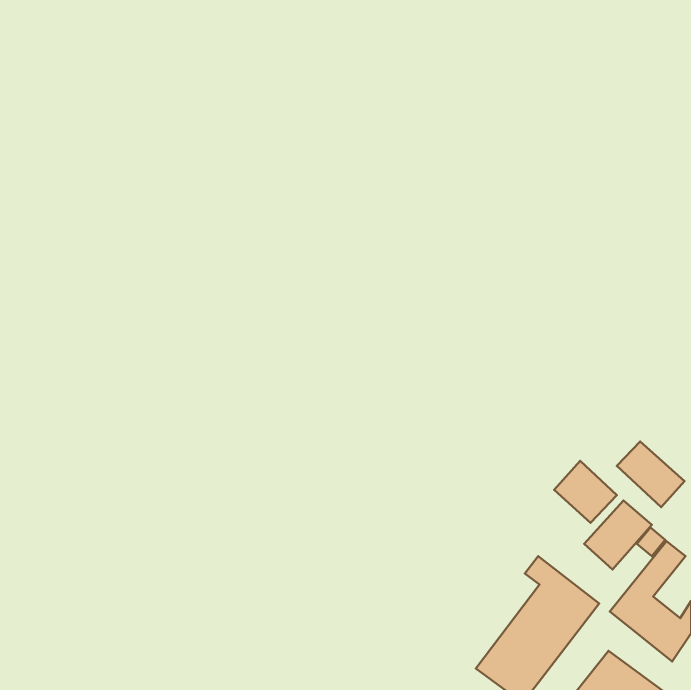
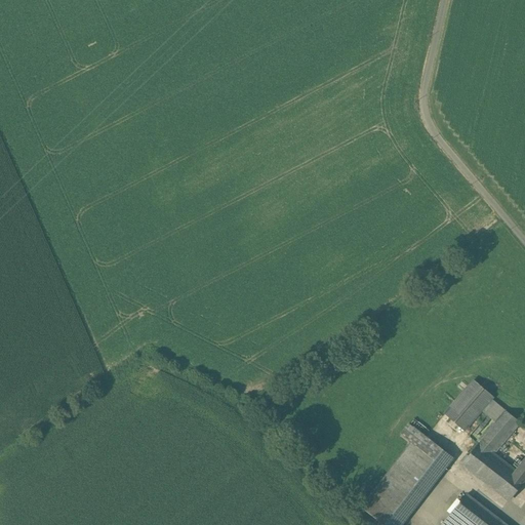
building: [617,441,684,507] -> none
building: [554,461,617,523] -> none

